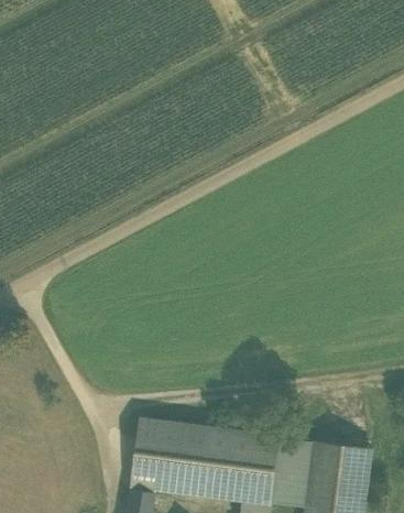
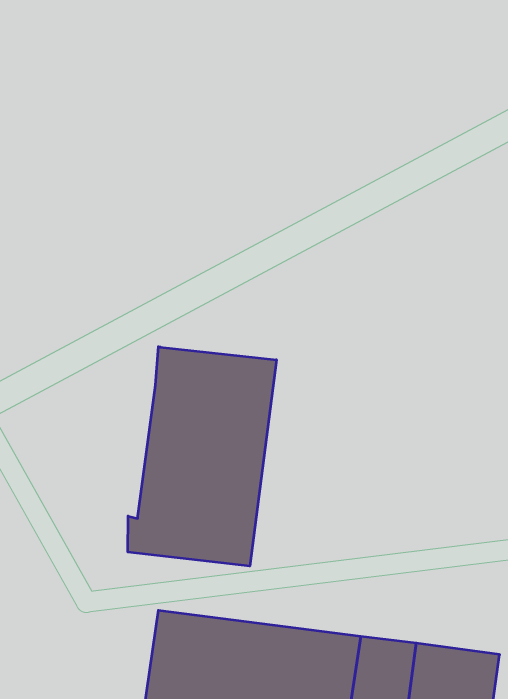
building: none -> [128,347,276,566]

